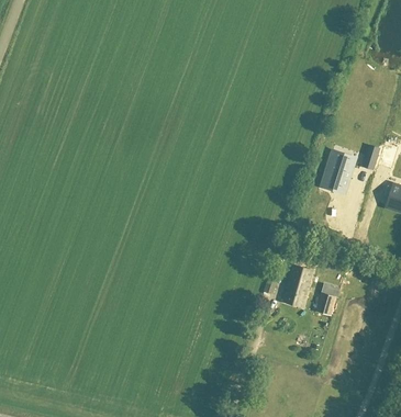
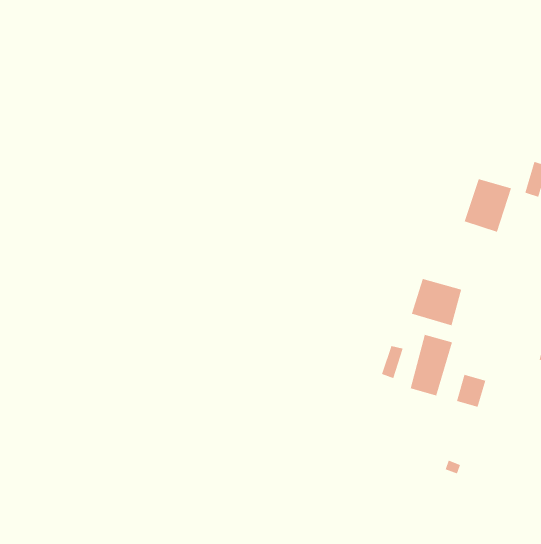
building: none -> [411,278,462,326]

